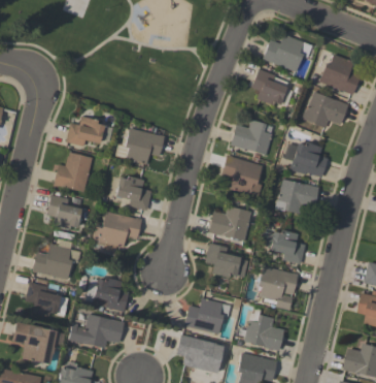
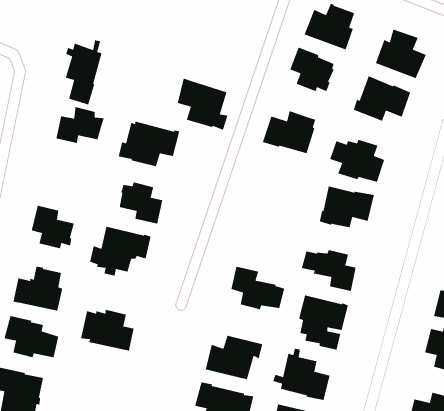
building: none -> [65,40,102,105]
building: [54,152,93,191] -> none
building: [221,154,263,196] -> [177,77,229,131]
building: [208,205,251,241] -> none
building: [69,314,125,348] -> none

